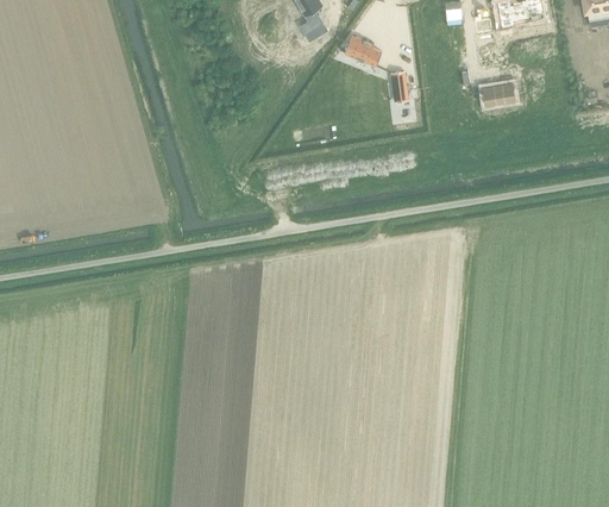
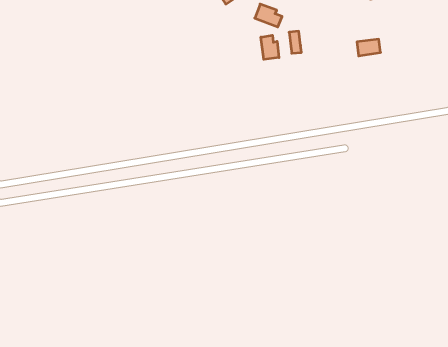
building: none -> [261,35,279,59]

